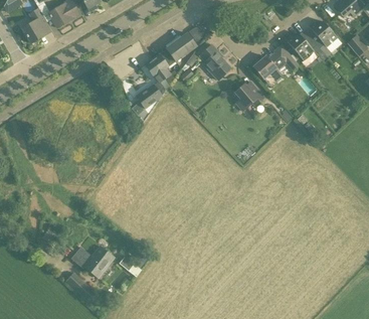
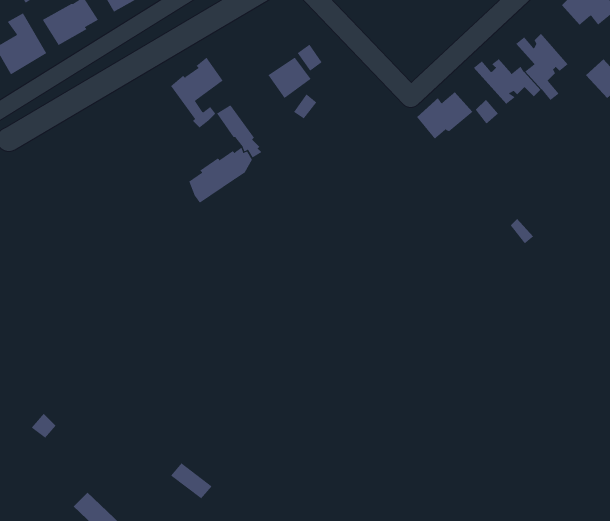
building: [152,43,181,83] -> [170,57,224,128]
building: [199,44,229,79] -> none
building: [234,82,263,111] -> none
building: [70,246,114,277] -> none

